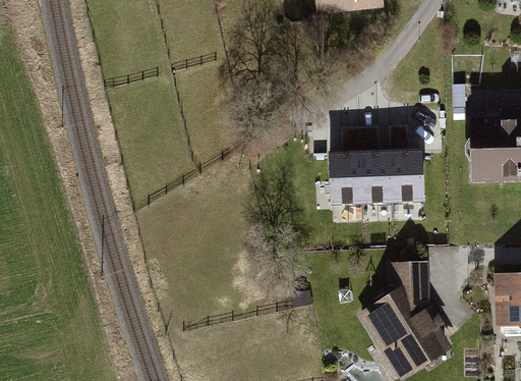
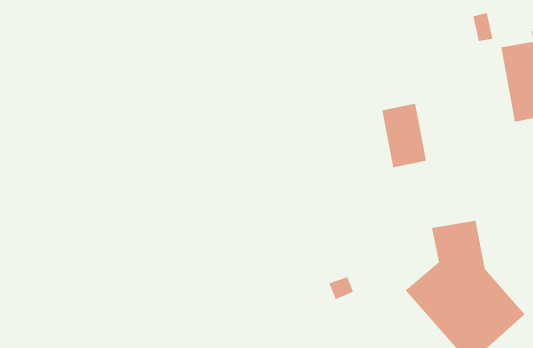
building: [392,148,423,200] -> none
building: [331,150,362,202] -> none

